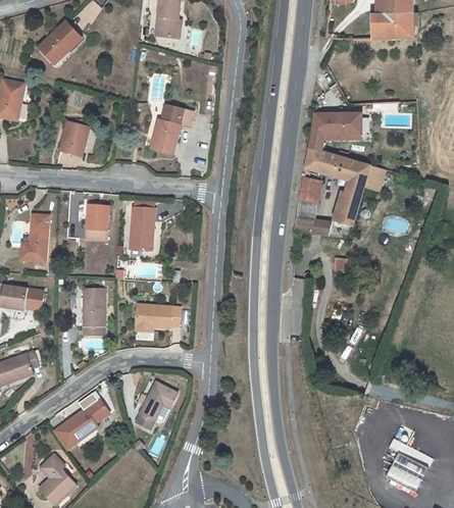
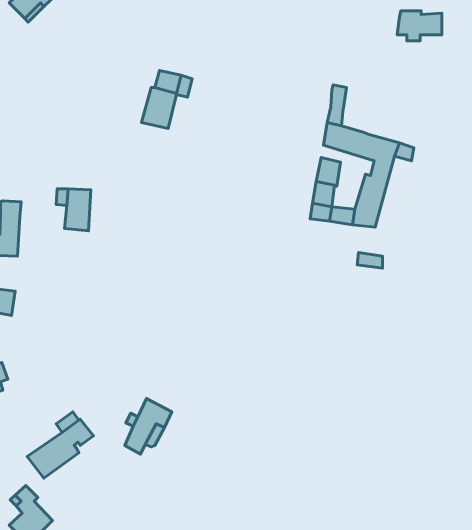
building: [322,112,360,138] -> [397,11,442,41]
building: [59,120,89,155] -> none
building: [131,206,154,250] -> none
building: [83,287,105,334] -> none
building: [136,303,180,326] -> none

